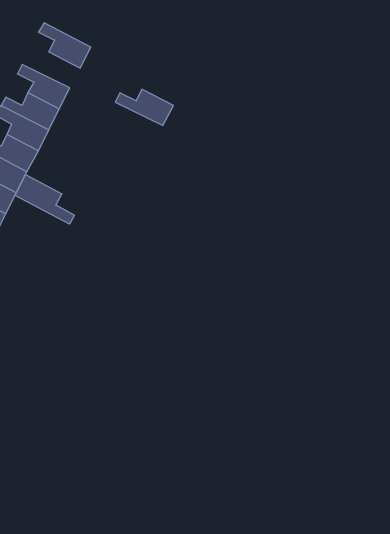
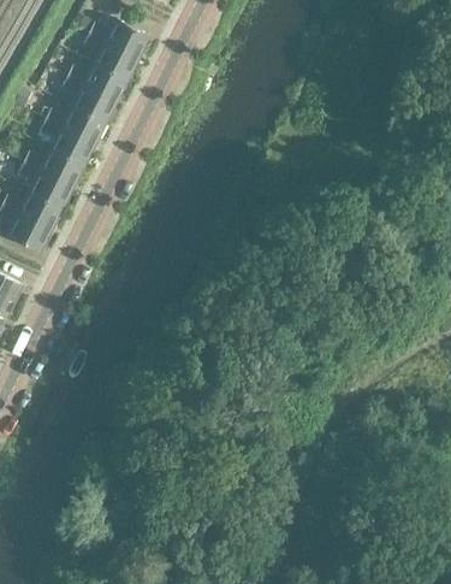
building: none -> [89,19,149,59]
building: [115,89,173,125] -> [66,64,126,101]
building: [15,174,74,224] -> none

